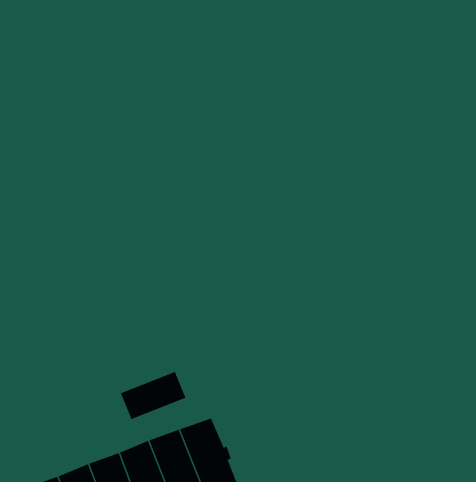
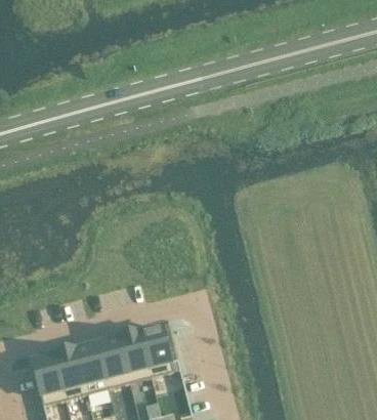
building: [120,371,186,420] -> none

